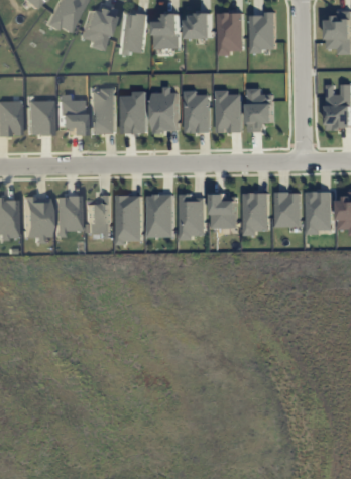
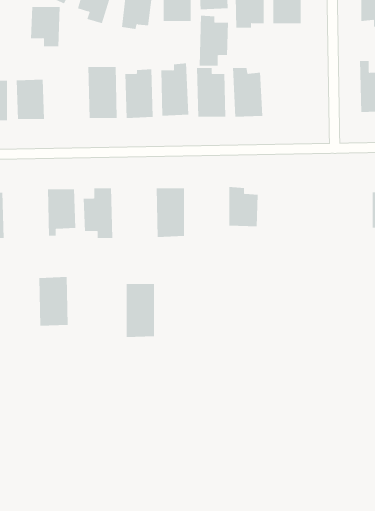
building: [249,88,275,132] -> [199,15,229,66]
building: [58,100,85,135] -> [30,6,60,47]
building: [277,192,303,227] -> none
building: [308,192,334,235] -> none
building: [245,193,271,236] -> none
building: [182,194,208,240] -> none
building: [119,196,144,243] -> [126,283,155,338]
building: [23,197,49,240] -> [38,277,69,326]

